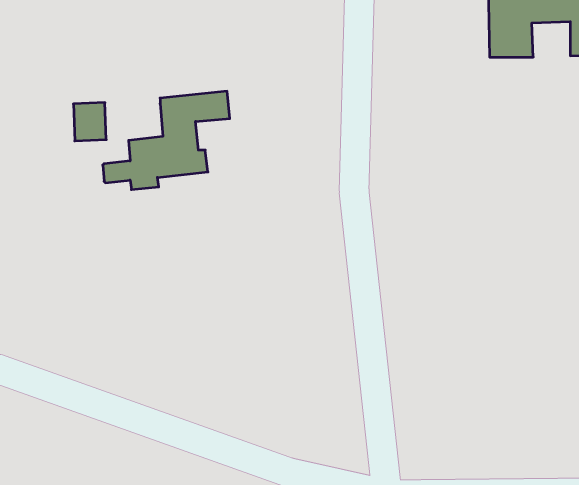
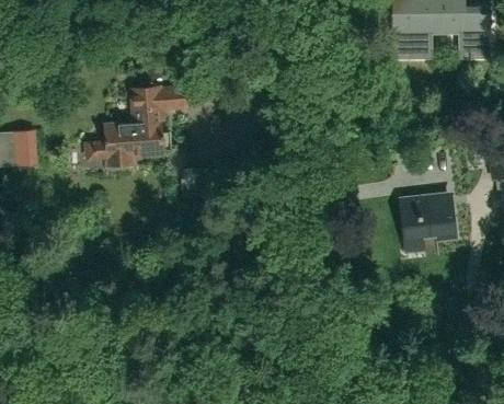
building: [73,103,106,141] -> [9,129,35,160]
building: none -> [399,194,453,242]

